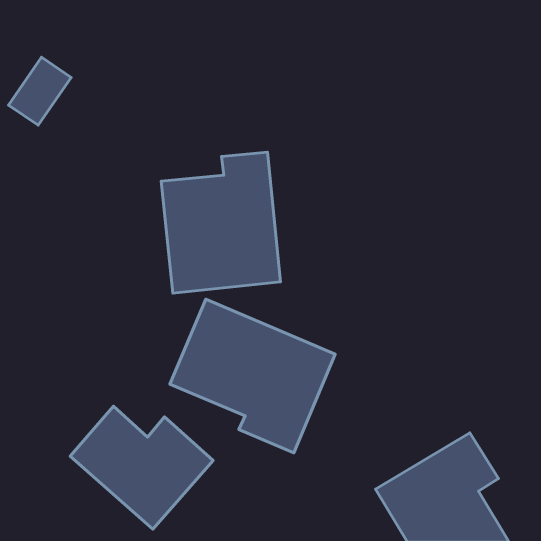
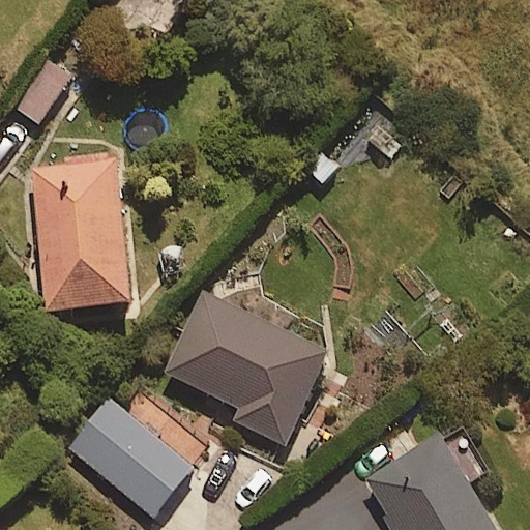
building: [161,152,281,293] -> none
building: none -> [31,155,130,311]

